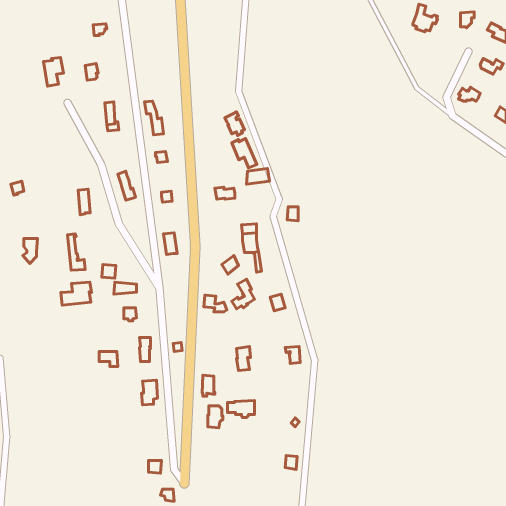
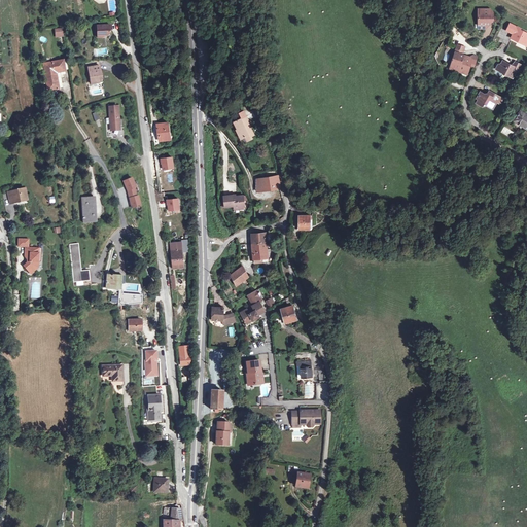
building: [413,4,438,32] -> [451,44,477,73]
building: [232,139,257,168] -> none
building: [61,282,92,305] -> none
building: [228,401,254,417] -> [292,410,320,427]

